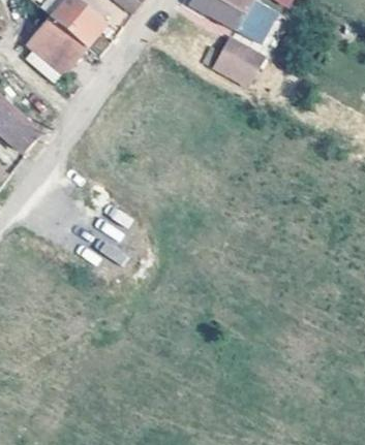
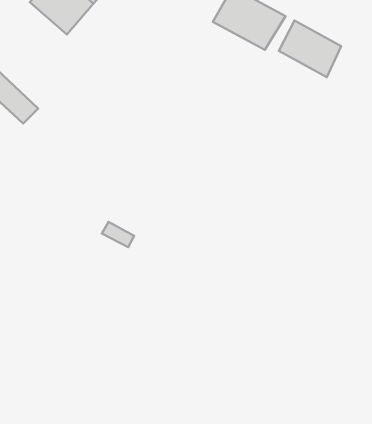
building: none -> [279,20,341,77]

